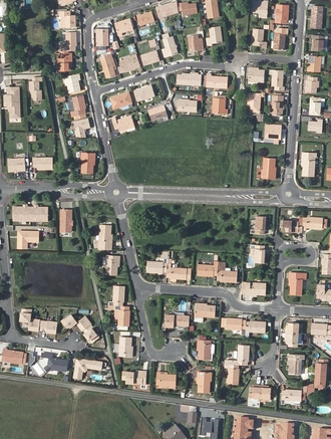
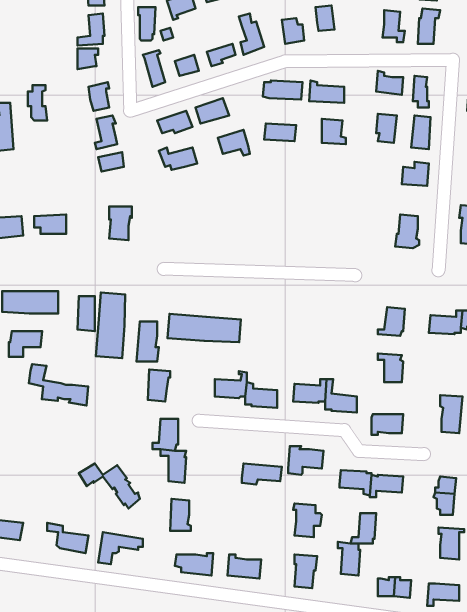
building: none -> [96,293,125,358]
building: none -> [167,314,241,342]
building: [20,307,57,334] -> [29,364,88,406]

